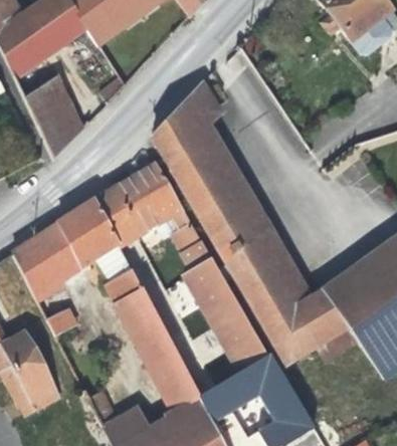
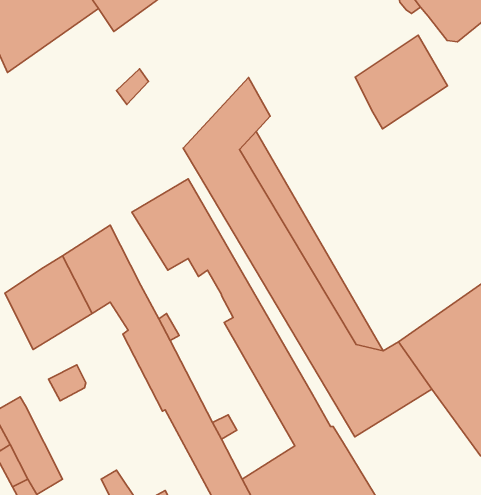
building: none -> [355,35,448,129]
building: [26,79,82,159] -> none
building: [95,188,141,245] -> none

